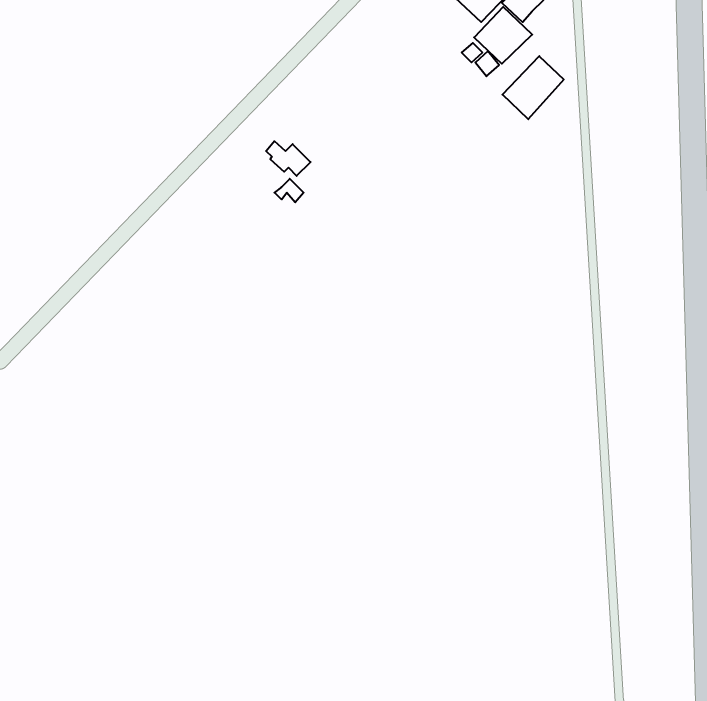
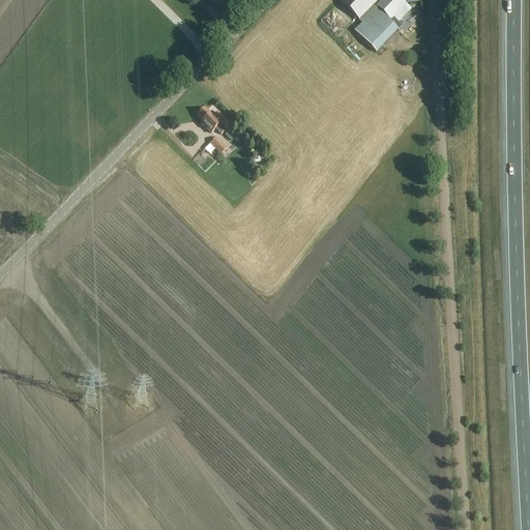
building: [502,56,564,119] -> none

